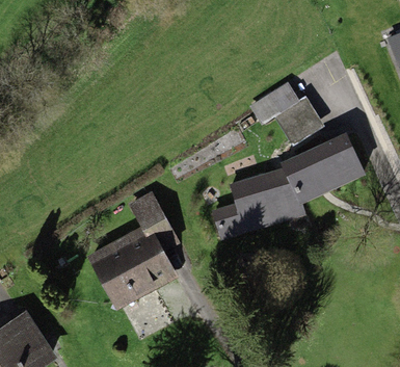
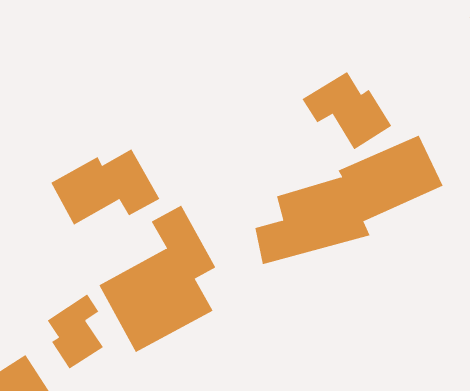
building: none -> [50,149,160,225]
building: none -> [47,293,104,369]

